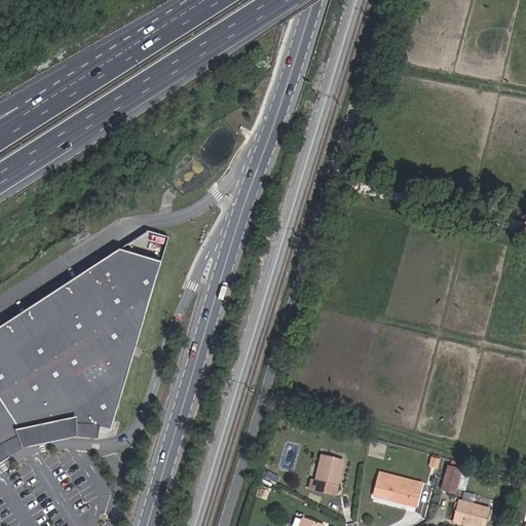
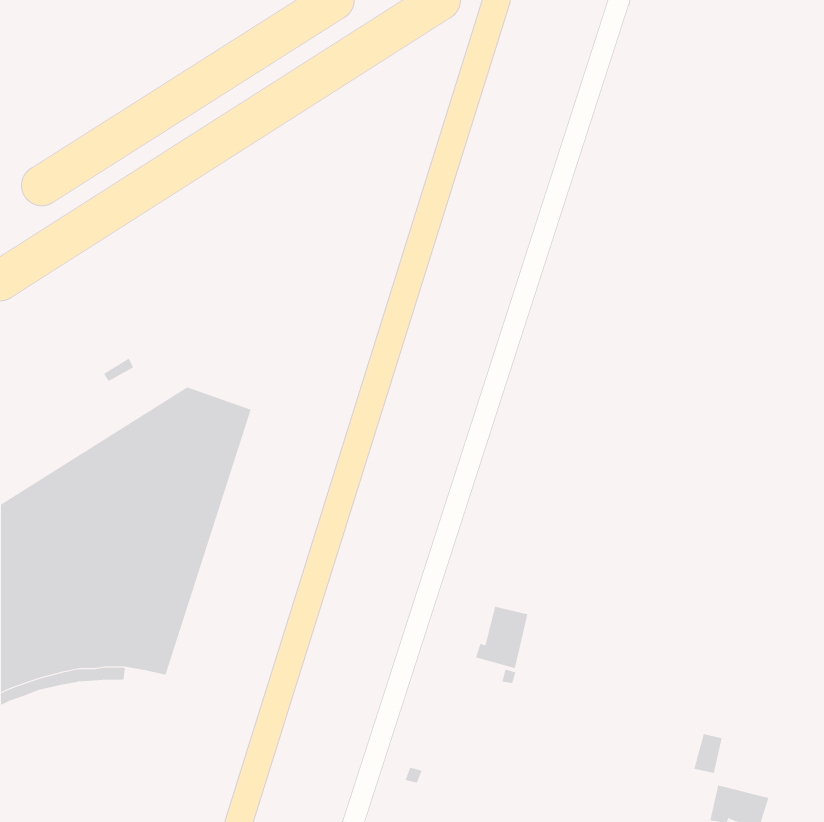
building: [309,457,343,497] -> [475,606,528,669]
building: [374,475,421,508] -> none

